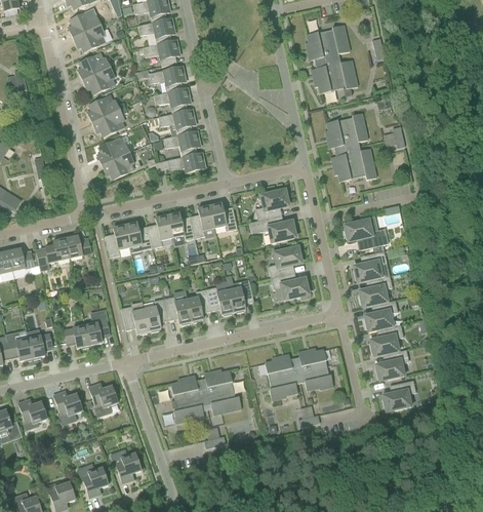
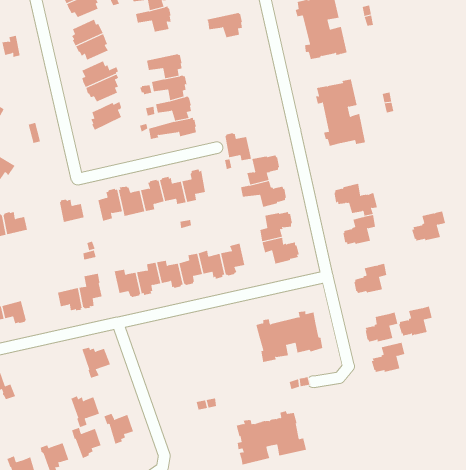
building: [148,65,185,90] -> [206,12,243,38]
building: [100,151,133,179] -> none
building: [209,201,237,230] -> [225,132,252,161]
building: [35,236,69,270] -> none
building: [357,274,392,305] -> [411,211,446,241]
building: [368,323,403,354] -> [398,306,433,336]
building: [26,328,51,358] -> none
building: [169,367,241,423] -> [236,410,307,465]
building: [52,391,82,424] -> [70,395,100,428]
building: [17,399,46,429] -> none

